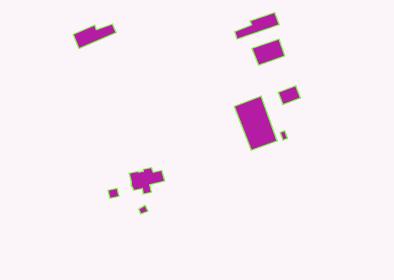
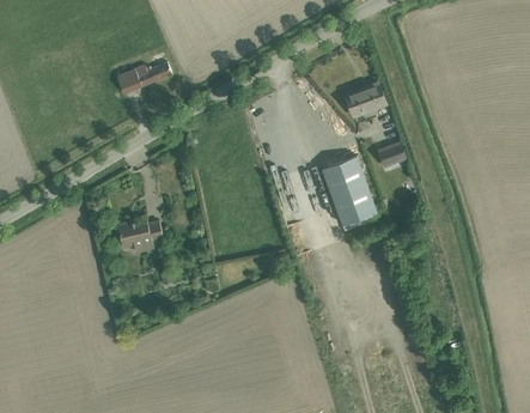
building: [235,13,279,39] -> none
building: [129,168,165,194] -> [117,218,163,251]

